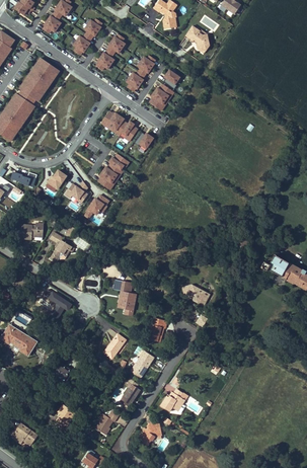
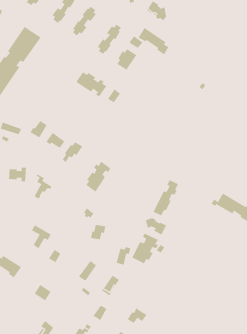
building: none -> [138,27,169,55]
building: [98,152,129,189] -> [85,161,111,193]
building: none -> [153,179,179,216]
building: none -> [132,233,159,264]

